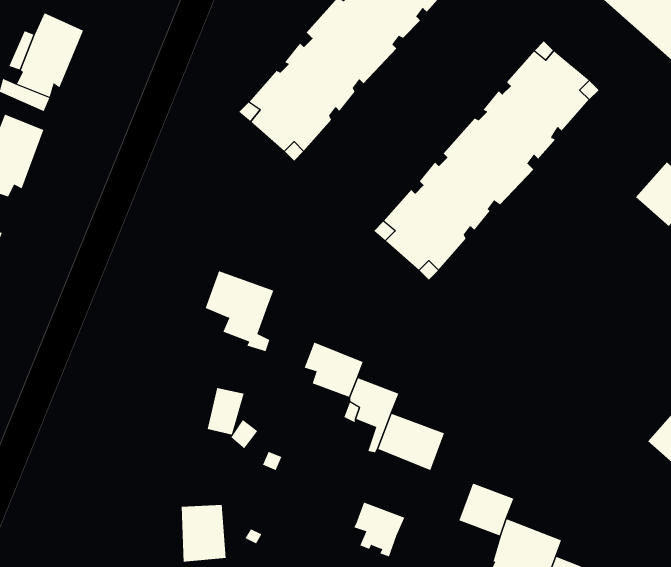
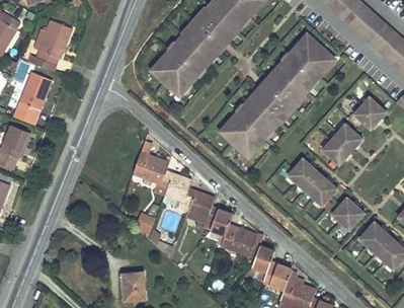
building: none -> [322,124,362,165]
building: none -> [288,158,337,206]
building: none -> [161,170,191,212]
building: none -> [332,198,365,230]
building: [354,502,405,557] -> [248,243,274,272]

